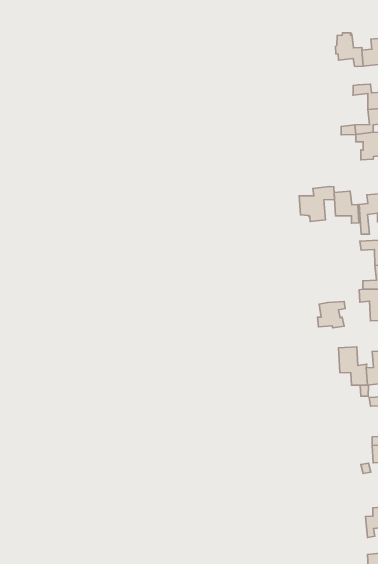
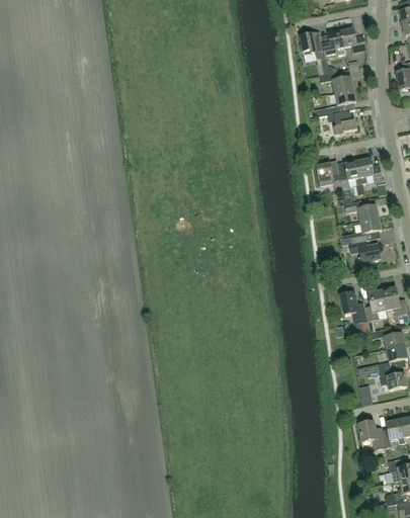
building: [299,187,335,221] -> none
building: [318,302,345,328] -> none
building: none -> [358,420,386,449]

